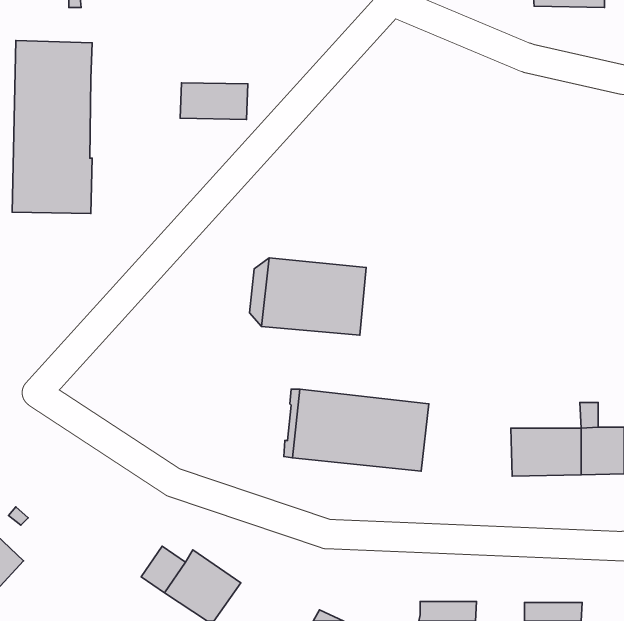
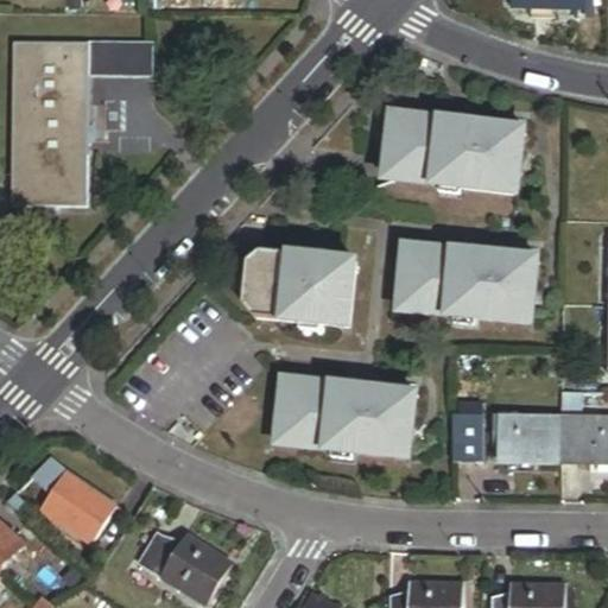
building: [180,83,248,120] -> [88,42,153,77]
building: none -> [381,110,522,191]
building: none -> [397,243,536,321]
building: none -> [452,412,483,460]
building: none -> [34,452,116,537]

